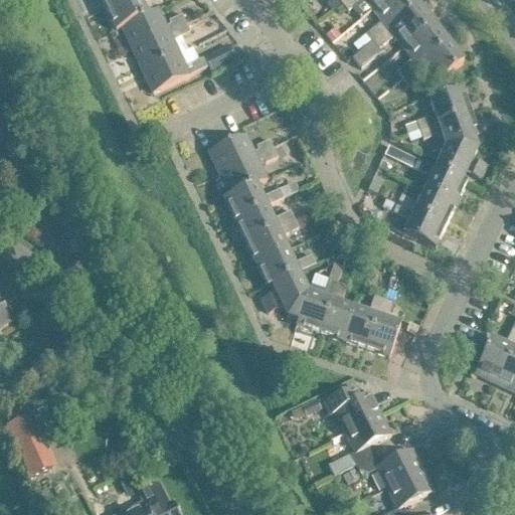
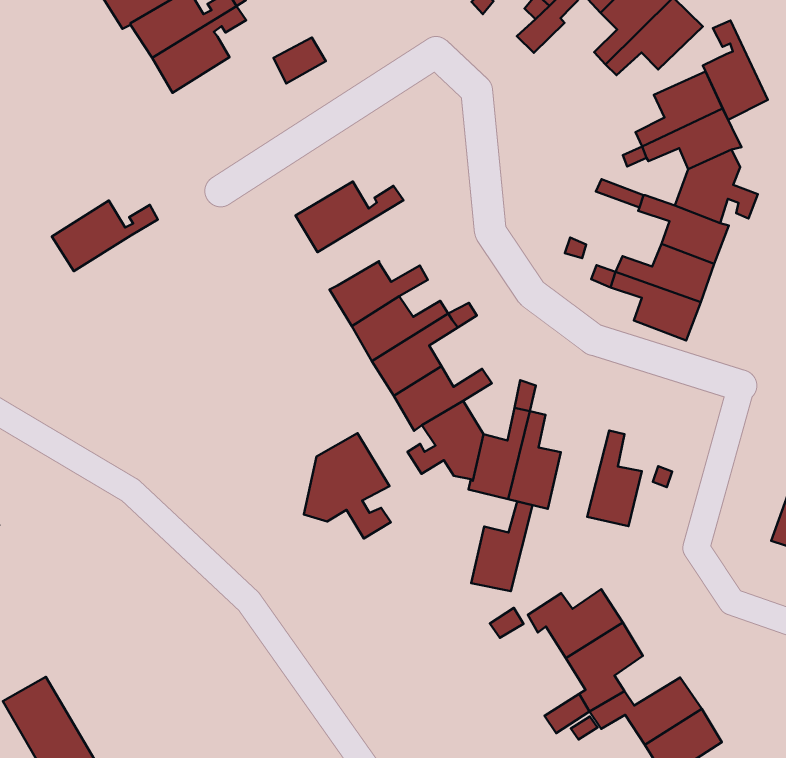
building: [142,49,206,90] -> [52,201,158,271]
building: none -> [703,21,768,120]
building: [219,145,278,192] -> none
building: none -> [304,433,391,539]
building: [342,292,383,345] -> [471,502,533,591]

